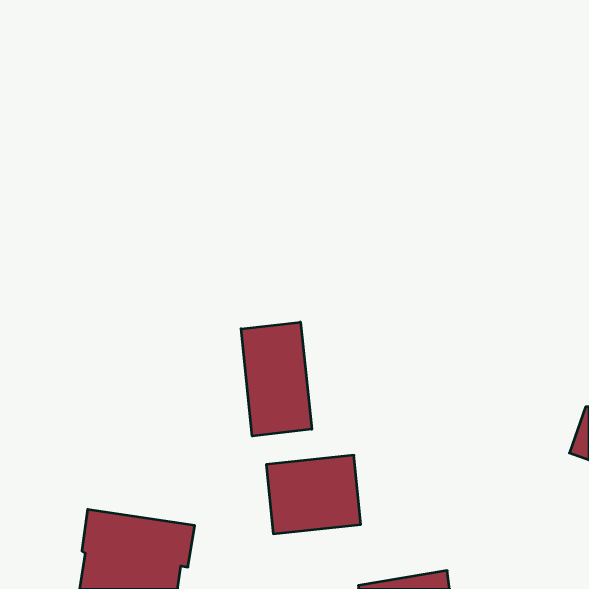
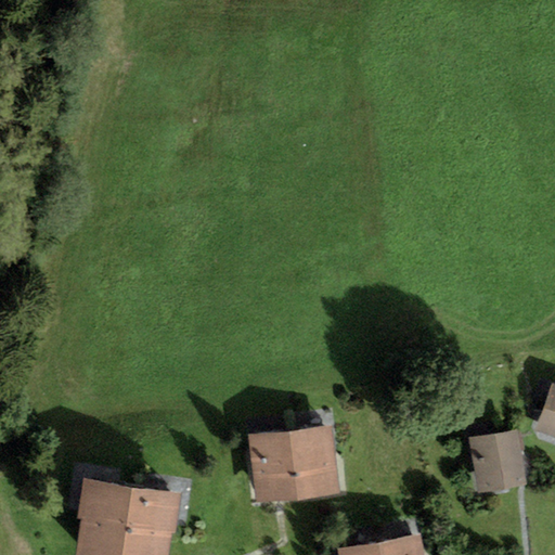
building: [241,322,312,436] -> none
building: none -> [470,433,526,492]

